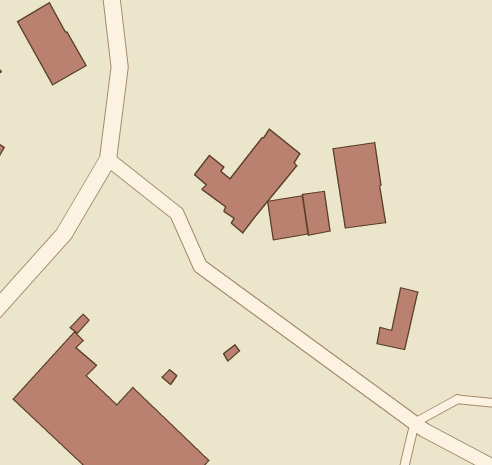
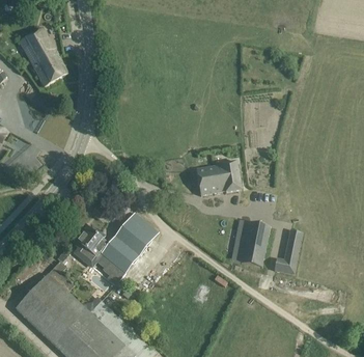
building: [195,129,300,233] -> [80,212,155,285]
building: [333,142,385,228] -> none
building: none -> [230,221,270,266]

